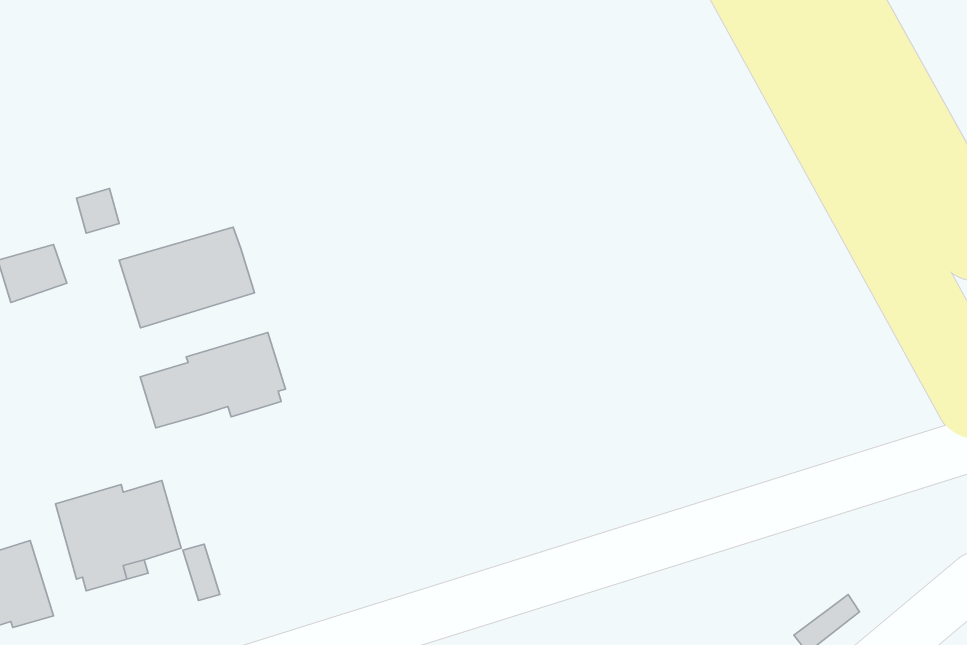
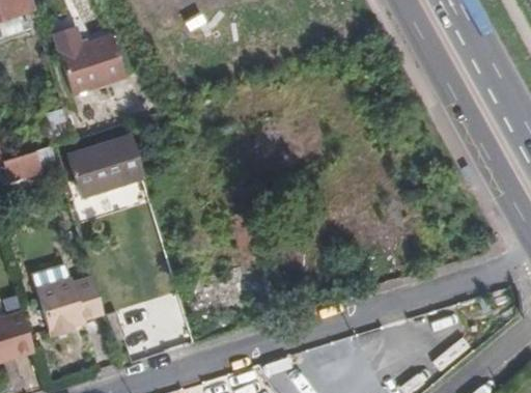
building: none -> [53,25,123,92]
building: [140,332,286,428] -> none

